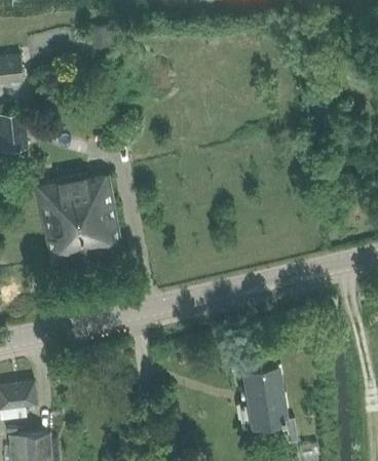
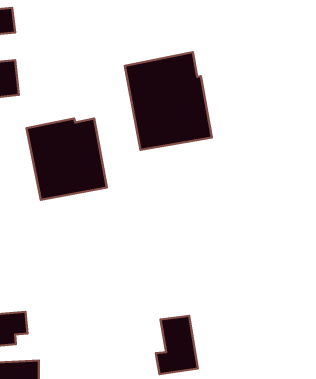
building: none -> [125,52,212,150]
building: [240,364,286,427] -> [156,316,198,374]

